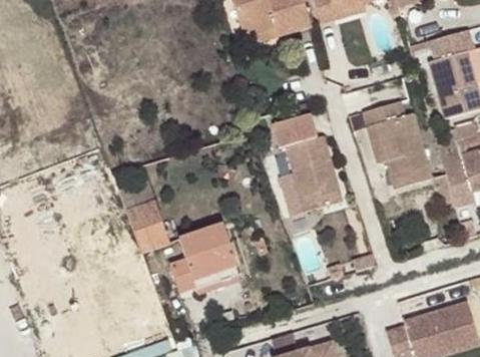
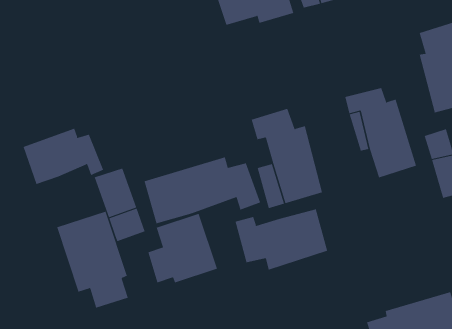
building: none -> [23,128,104,185]
building: none -> [144,157,261,224]
building: none -> [235,209,328,270]
building: none -> [56,211,128,308]

